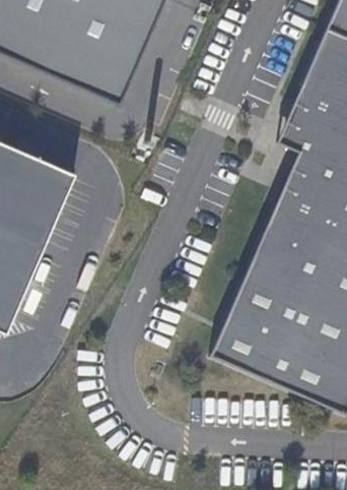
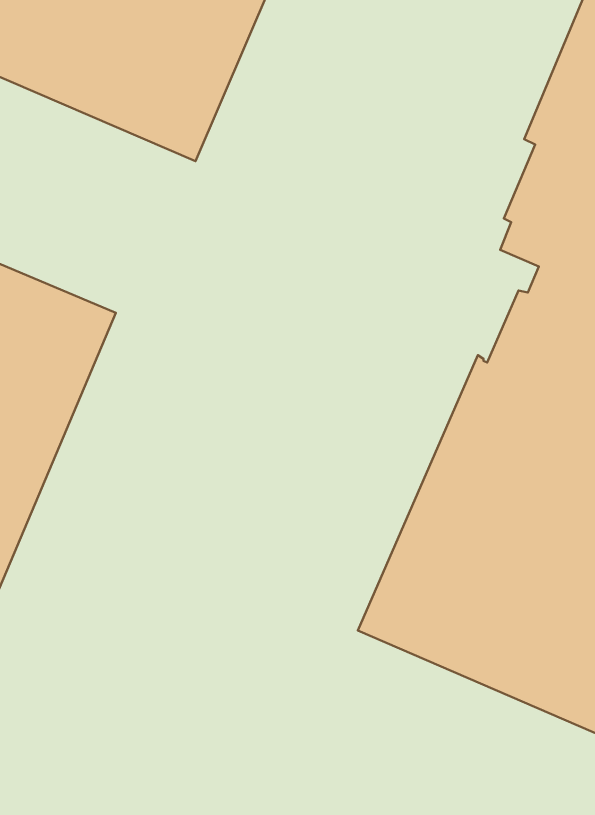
building: [277,80,310,203] -> none

